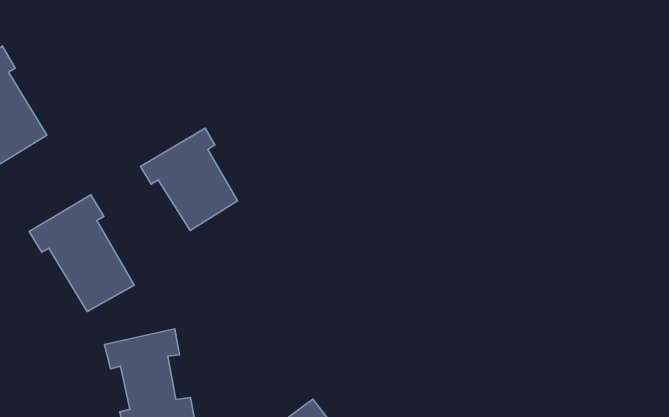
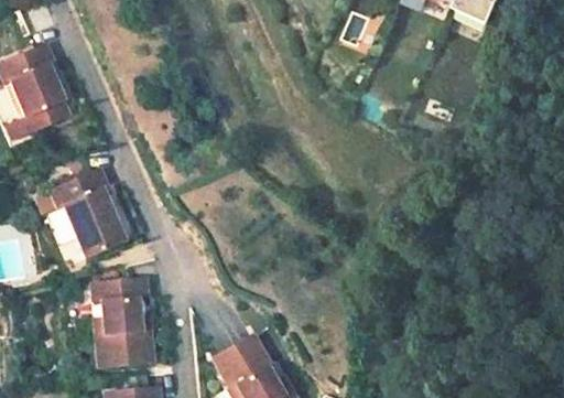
building: [141,128,238,231] -> none

